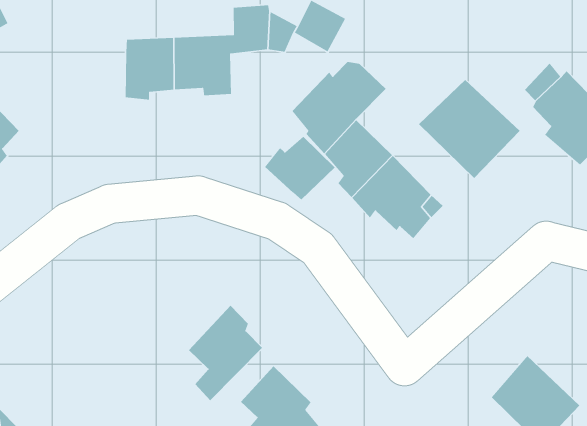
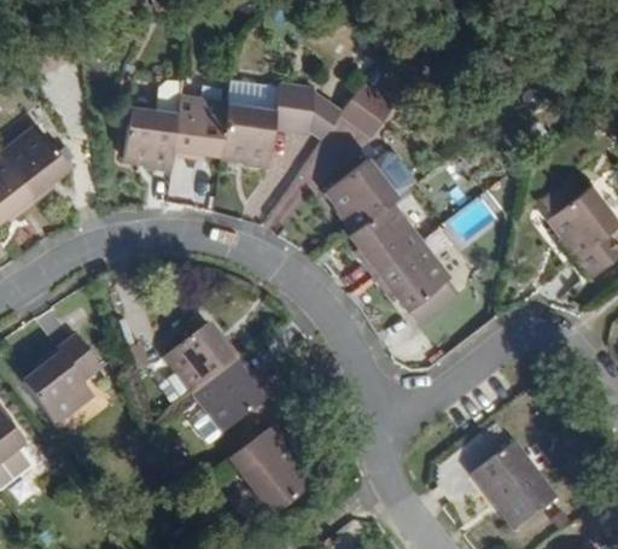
building: none -> [123,104,180,167]
building: [418,79,520,179] -> none
building: [264,136,336,200] -> none
building: none -> [165,323,241,393]
building: none -> [24,334,101,424]

